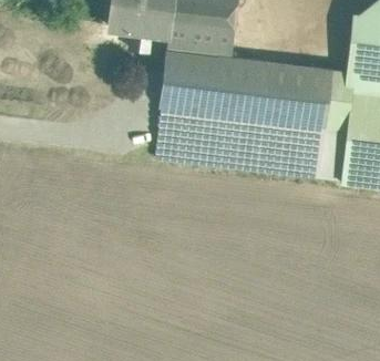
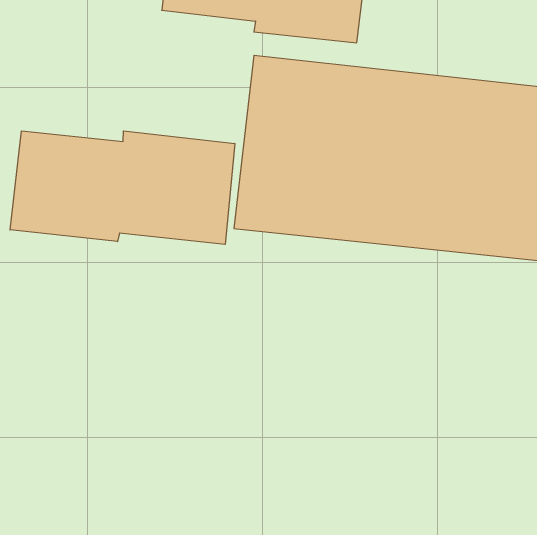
building: none -> [10,131,235,244]

